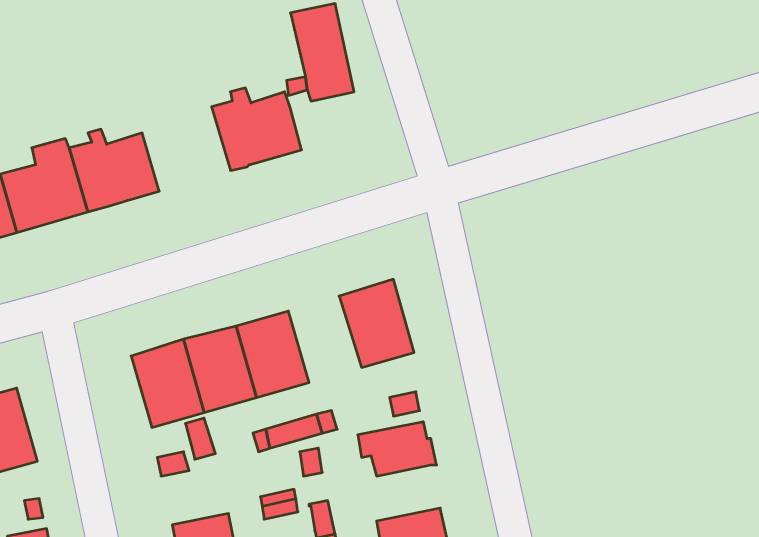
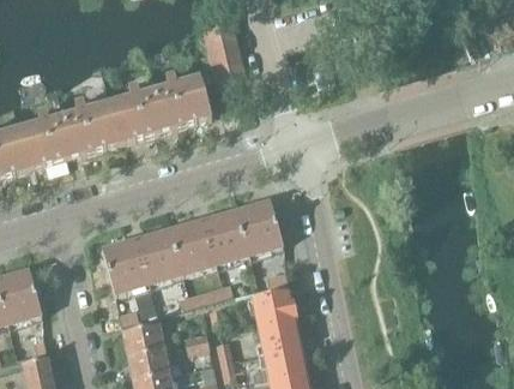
building: none -> [109,86,165,142]
building: none -> [202,209,249,264]
building: none -> [255,317,300,353]
building: none -> [122,324,164,355]

